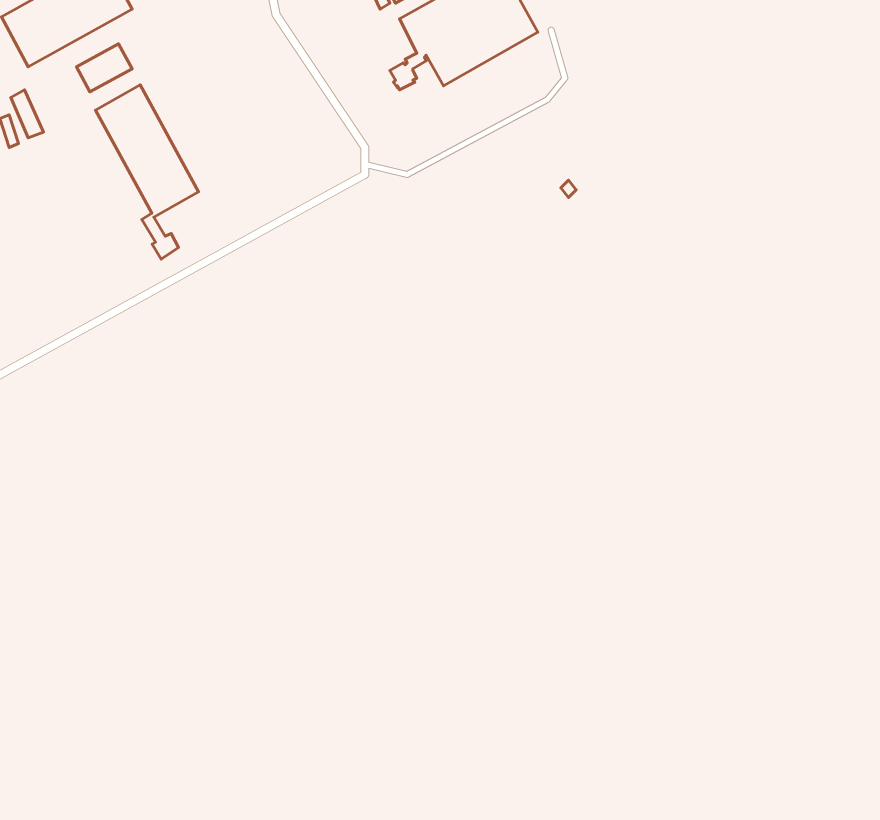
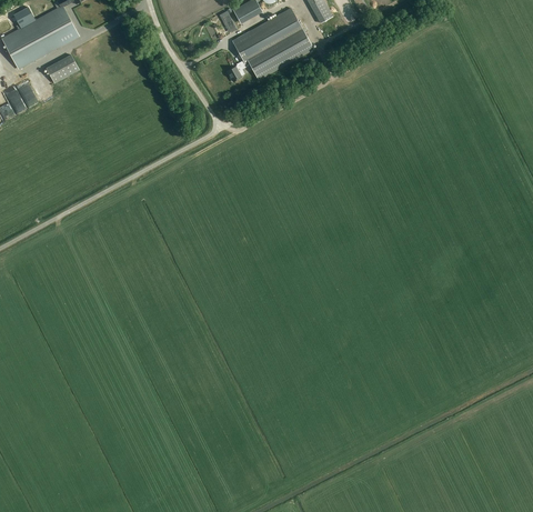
building: [96,85,199,259] -> none

